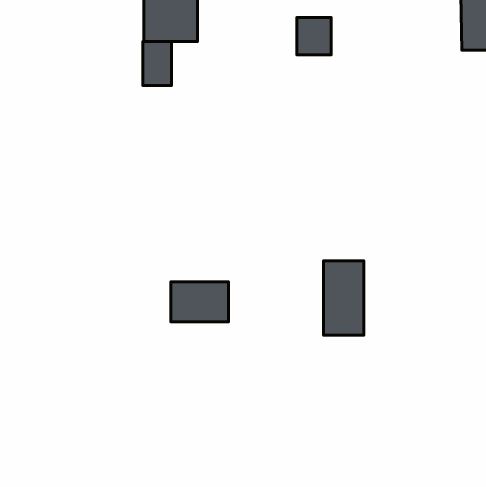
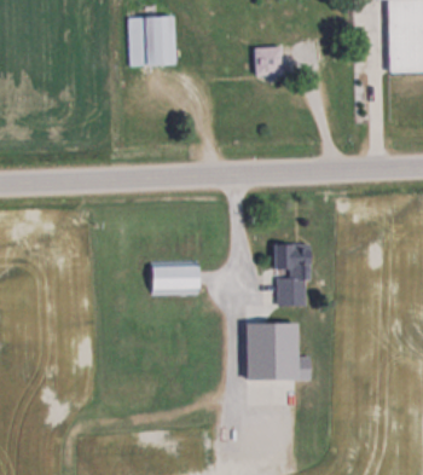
building: [143,42,172,85] -> none
building: none -> [247,323,309,381]

